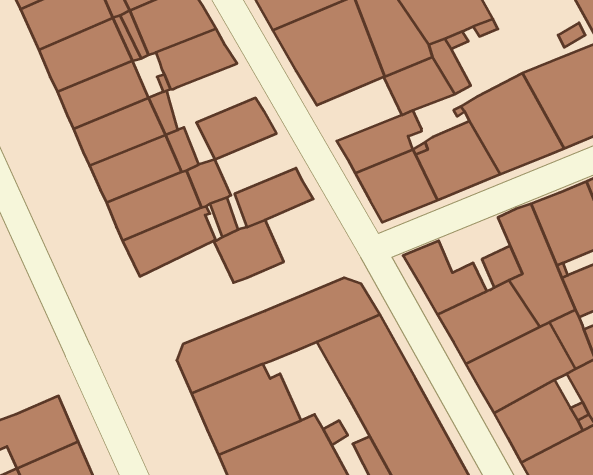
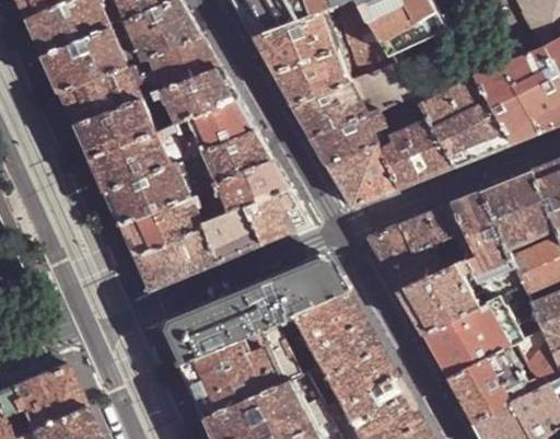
building: none -> [168,68,237,123]
building: none -> [292,80,368,137]
building: none -> [201,130,273,185]
building: none -> [246,188,311,244]
building: none -> [400,205,464,254]
building: none -> [135,226,218,291]
building: none -> [253,323,300,385]

